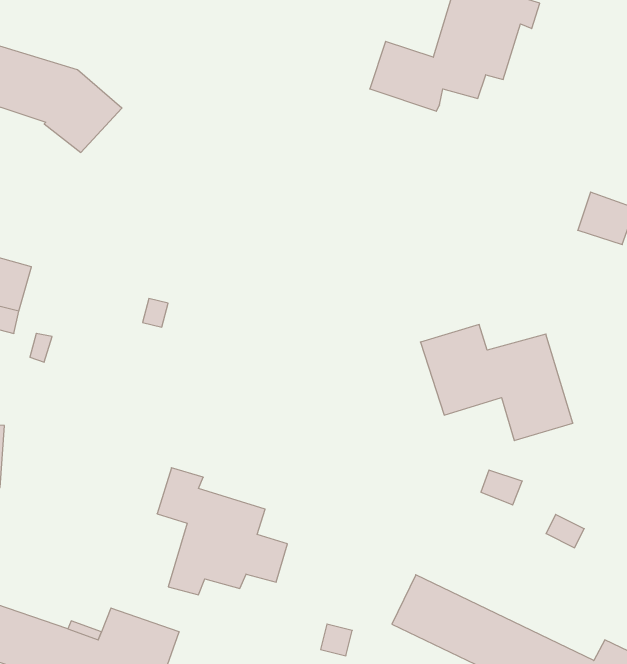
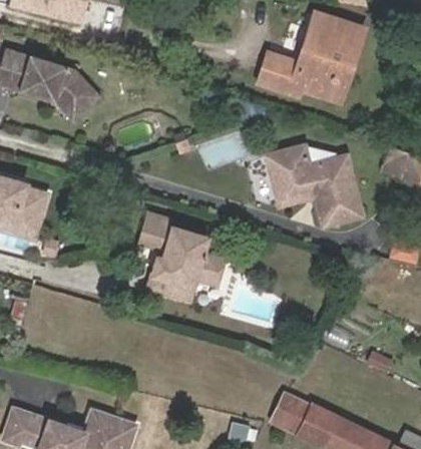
building: none -> [301,42,359,105]
building: [420,325,573,441] -> [266,142,362,215]
building: [157,468,287,595] -> [142,214,225,295]

